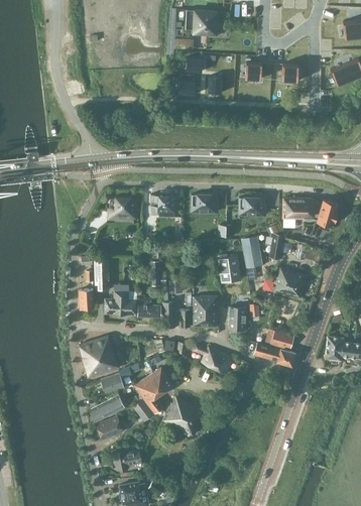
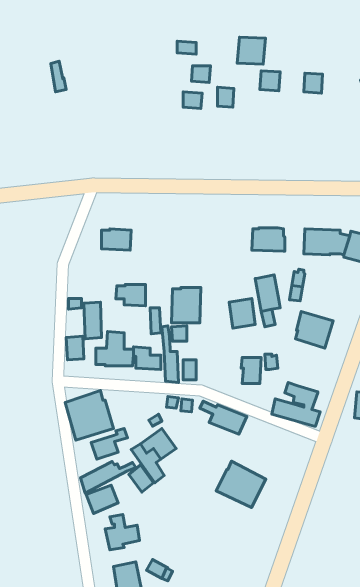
building: [194,10,218,33] -> [237,37,266,64]
building: [150,194,175,212] -> [116,285,145,306]
building: [191,194,216,212] -> none
building: [193,295,218,326] -> [171,288,201,323]
building: [163,395,206,434] -> [216,461,266,507]

